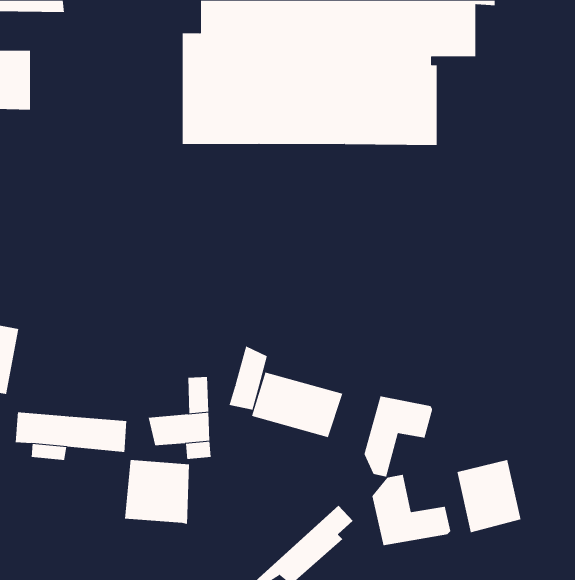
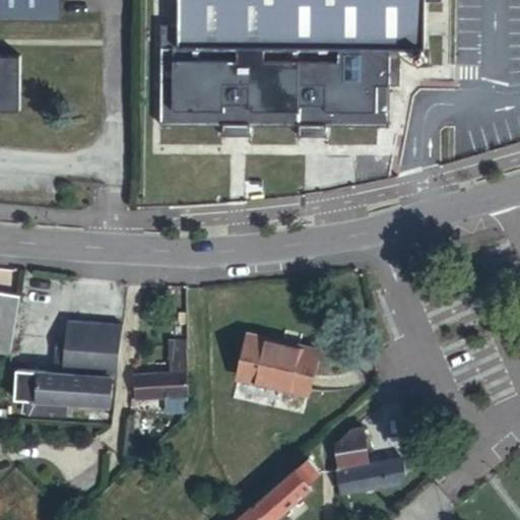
building: [229,345,268,411] -> none
building: [364,395,433,478] -> none
building: [457,459,521,533] -> none
building: [124,460,190,524] -> [62,320,121,378]

